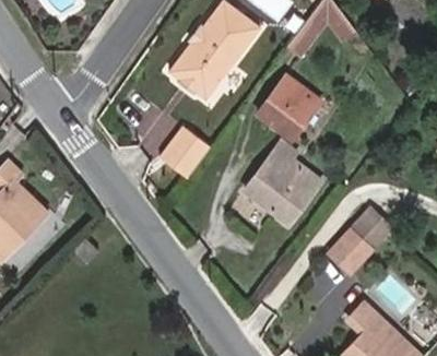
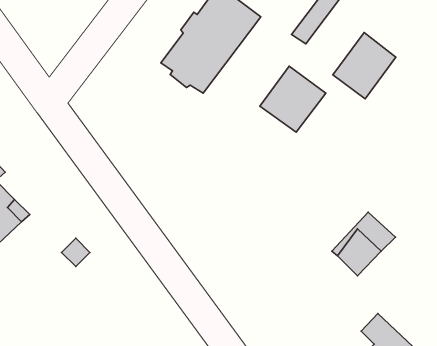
building: none -> [333,33,396,99]
building: [163,126,213,178] -> none
building: [245,142,321,225] -> none

